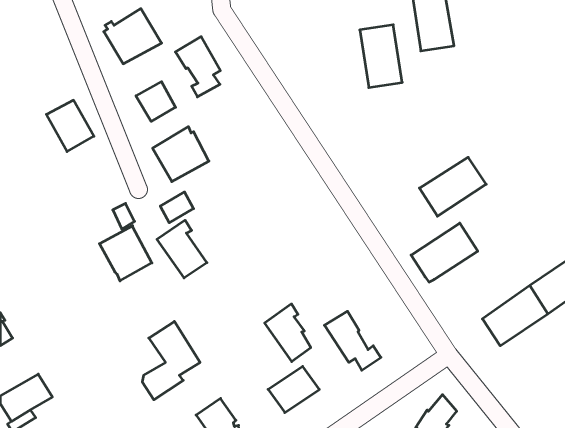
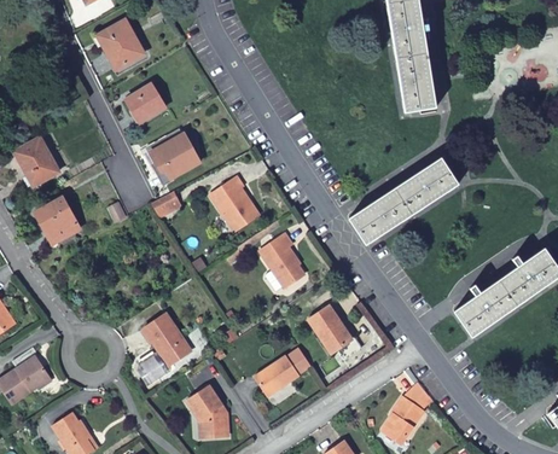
building: [360,25,402,88] -> [396,53,436,112]
building: [175,37,220,97] -> none
building: [46,100,94,152] -> [13,138,58,186]
building: [157,220,207,278] -> [207,175,254,229]
building: [411,223,478,282] -> [349,187,412,243]
building: [99,226,152,281] -> [33,196,82,248]
building: [265,304,311,362] -> [258,231,302,285]

